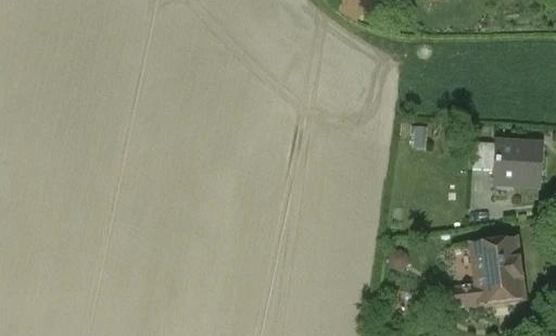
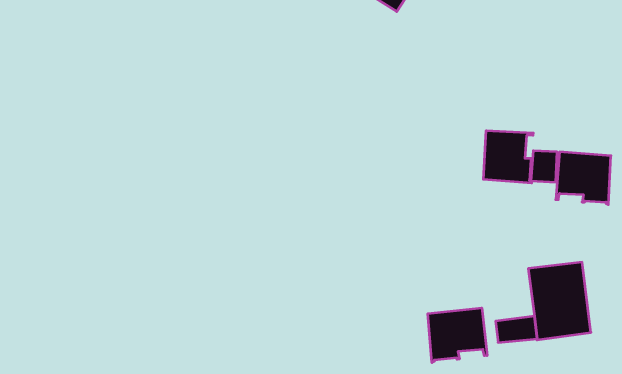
building: none -> [483,131,533,183]
building: none -> [428,308,487,363]

